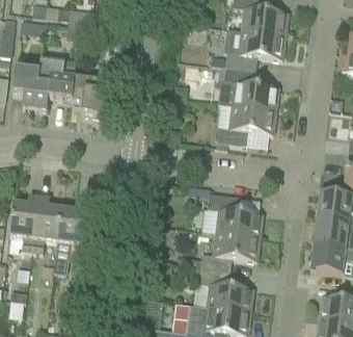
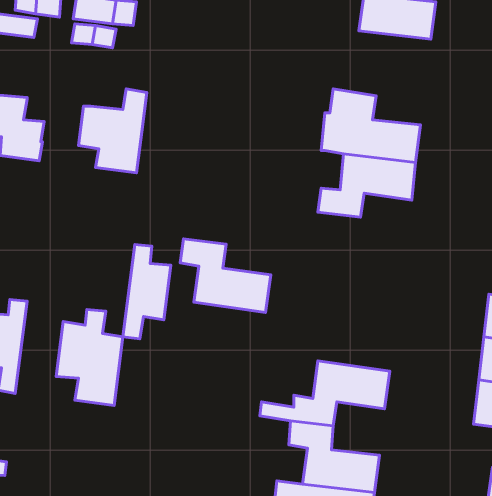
building: [224,28,284,70] -> none
building: [37,58,76,100] -> none
building: [208,192,263,237] -> [180,239,271,313]
building: [32,195,61,252] -> [123,245,171,339]

